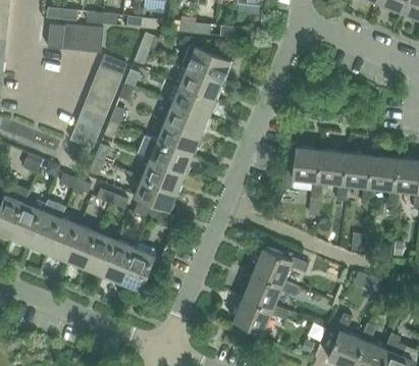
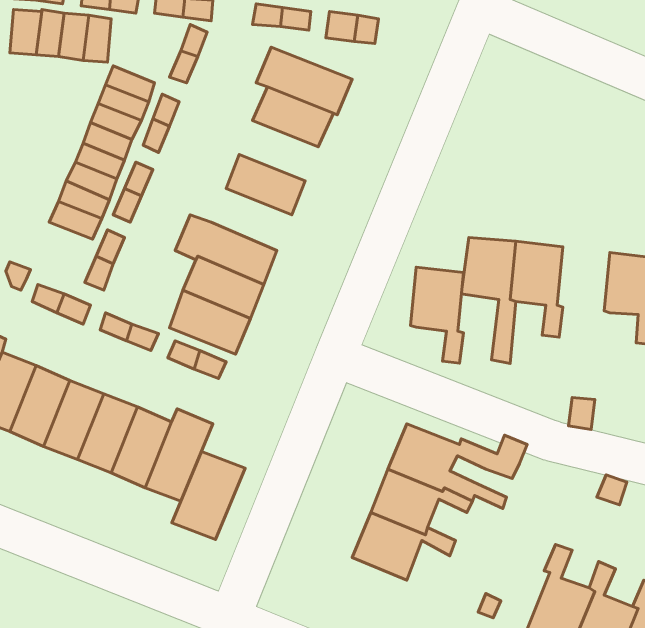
building: [171,85,214,117] -> none
building: [156,121,200,155] -> none
building: [344,153,372,205] -> [411,267,463,363]
building: none -> [172,452,245,539]

